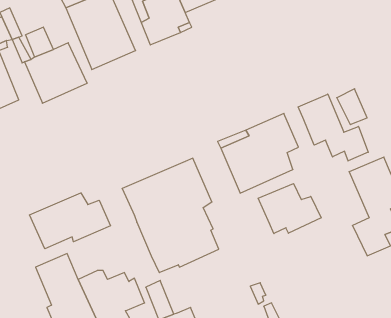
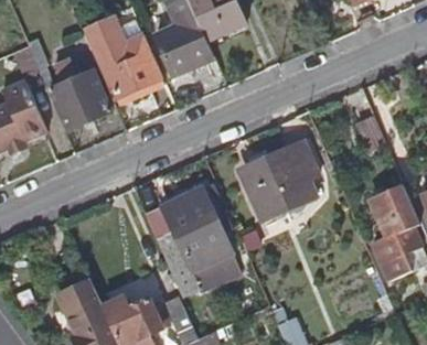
building: [298,94,368,161] -> none
building: [258,184,321,234] -> none
building: [30,193,110,249] -> none

